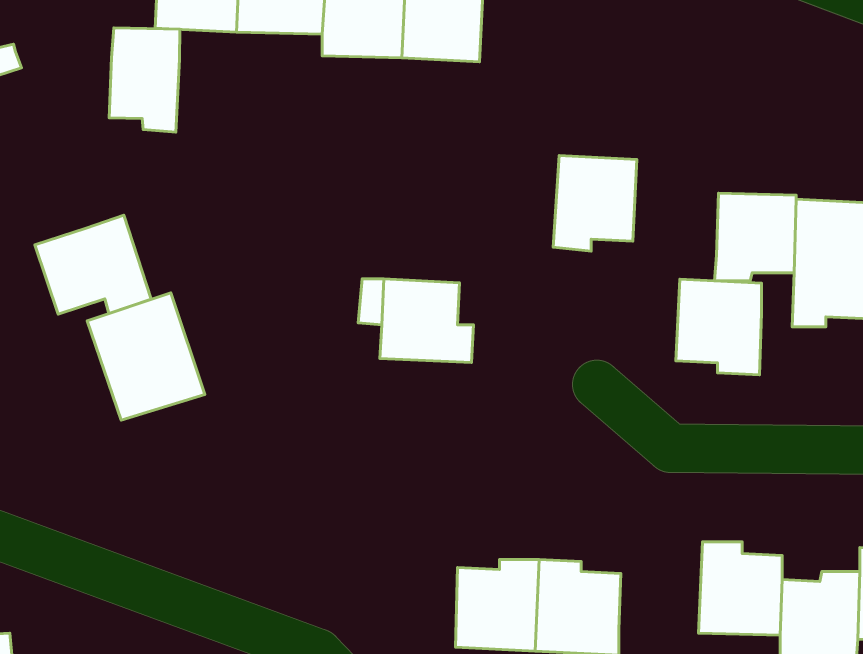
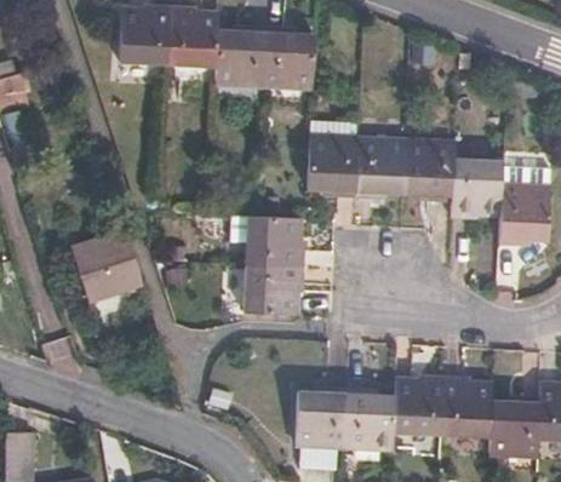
building: [109,28,180,132] -> none
building: none -> [304,122,359,196]
building: [35,215,151,314] -> none
building: [676,279,761,375] -> [403,143,456,201]
building: none -> [247,264,305,315]
building: none -> [395,374,446,431]

